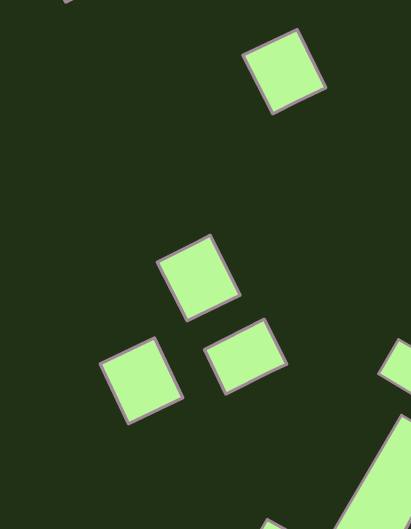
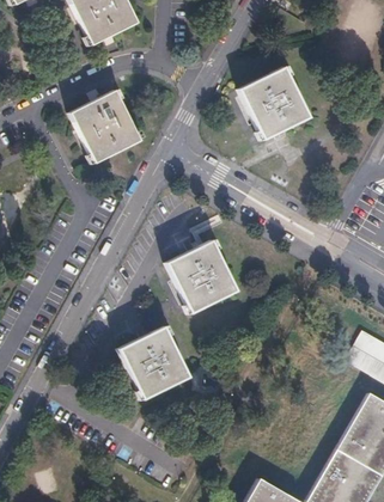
building: none -> [71,91,140,163]
building: [204,319,287,394] -> none

